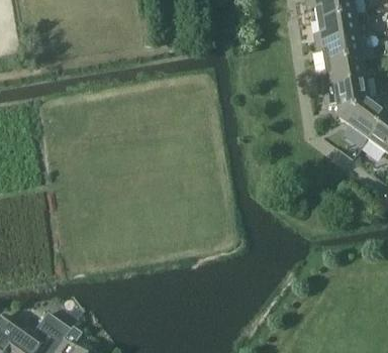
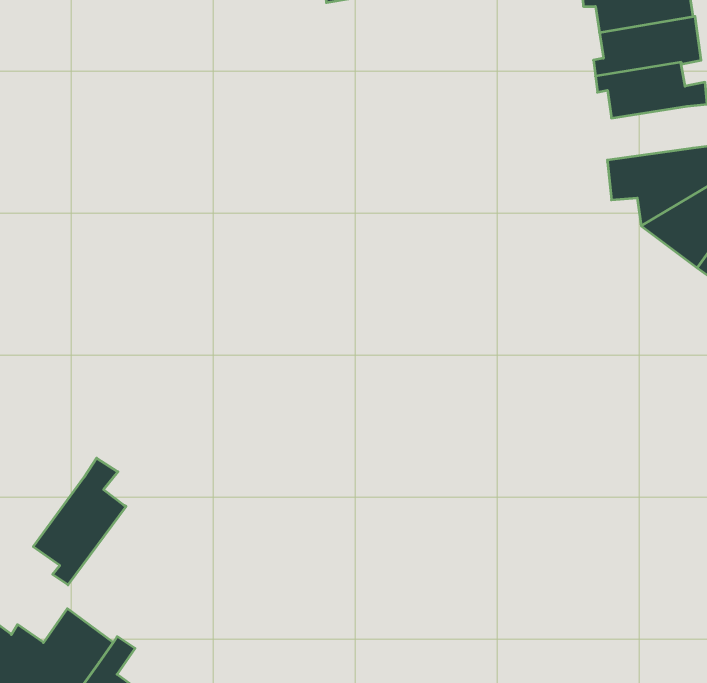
building: [321,57,366,85] -> none
building: none -> [33,458,126,585]

